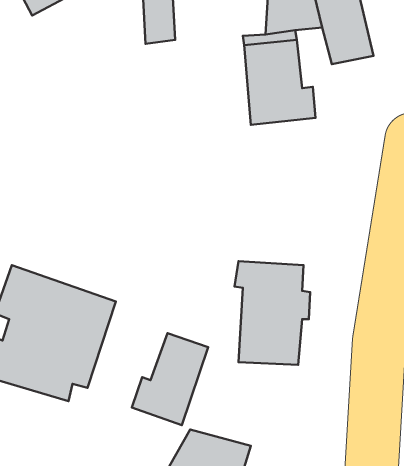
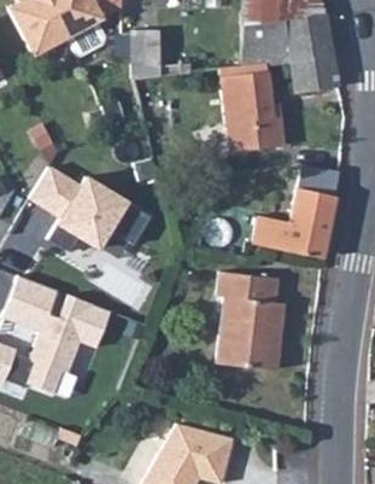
building: none -> [27,164,152,249]
building: none -> [256,191,339,260]
building: [132,333,208,425] -> none

